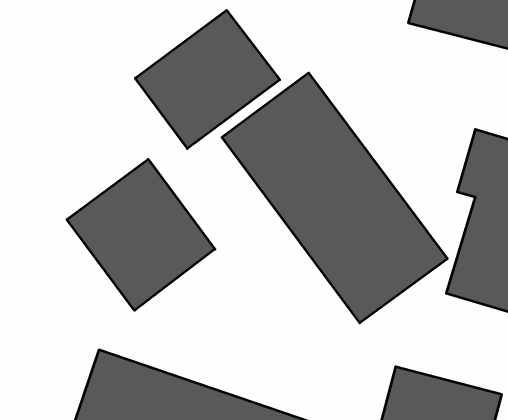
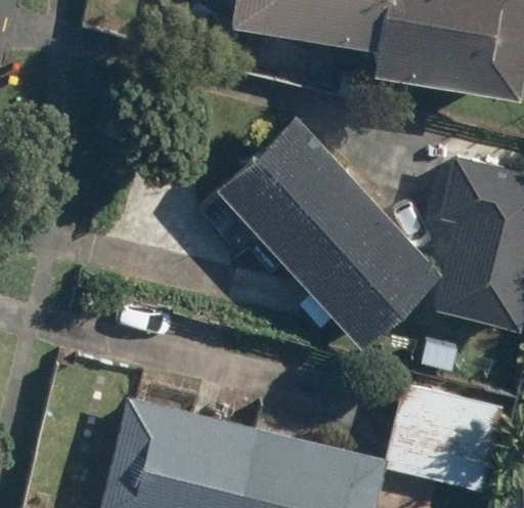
building: [135,10,280,149] -> none
building: [67,159,215,310] -> none

